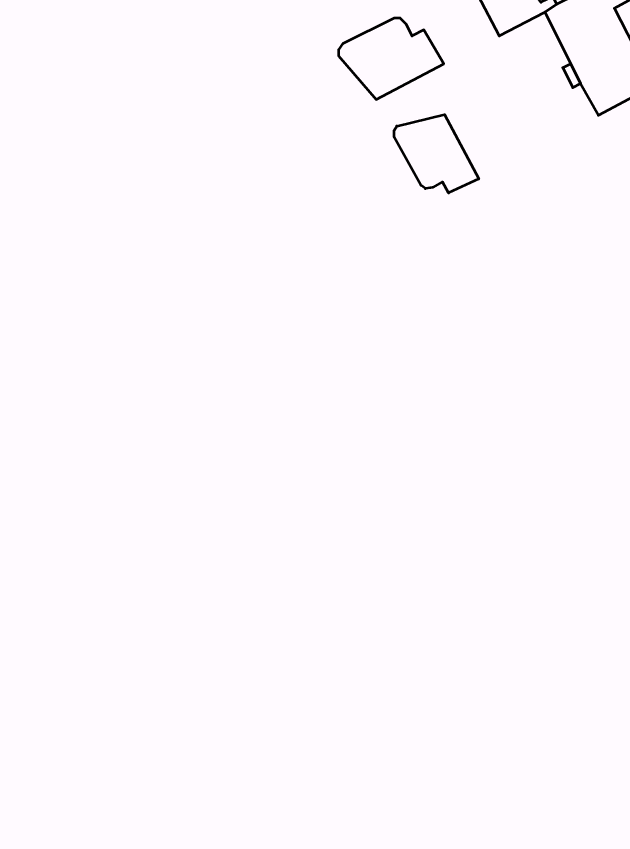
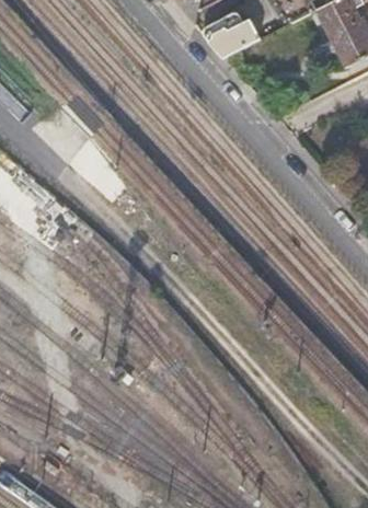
building: [394,115,479,193] -> none

